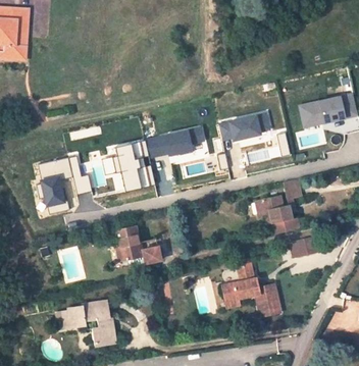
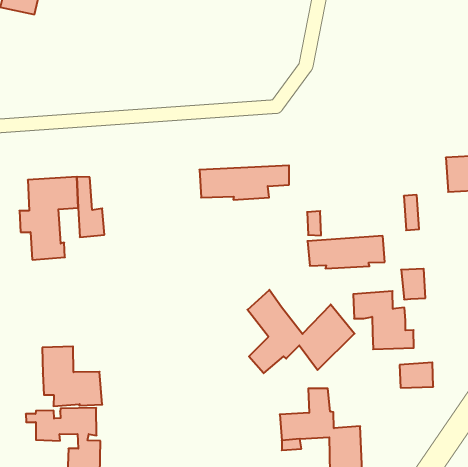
building: [218,113,269,140] -> [307,236,385,268]
building: [101,140,155,191] -> none
building: none -> [247,290,355,373]
building: [115,226,159,266] -> [42,346,102,406]

